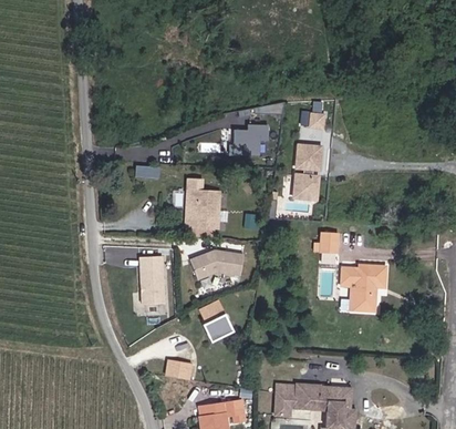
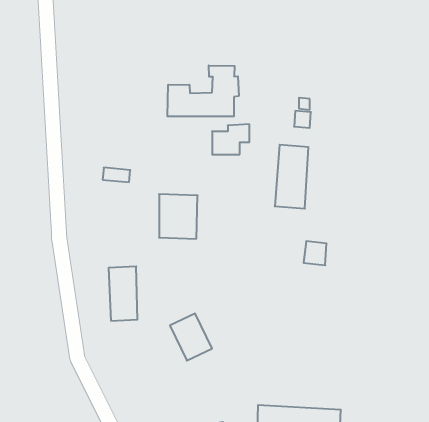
building: none -> [167,65,239,116]
building: [188,249,243,280] -> none
building: [341,263,386,311] -> none
building: [164,359,191,381] -> none

